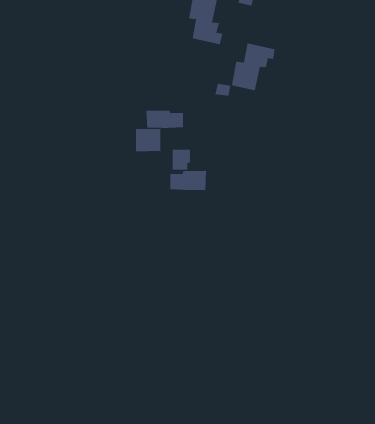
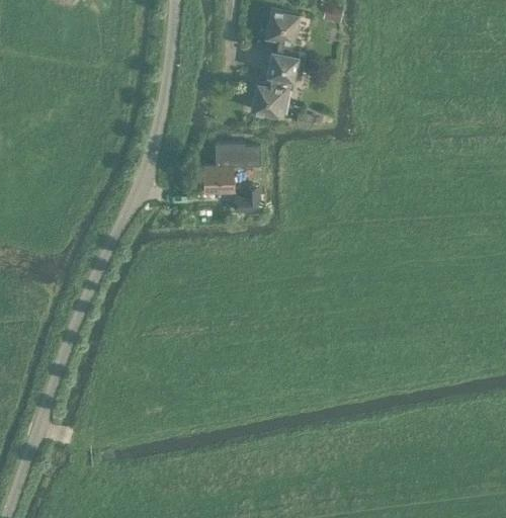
building: [231,43,275,91] -> [249,62,301,117]
building: [170,170,207,191] -> none

